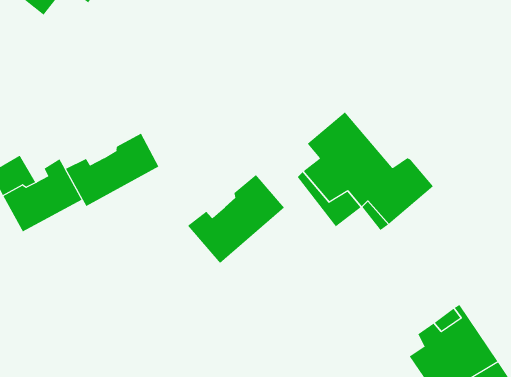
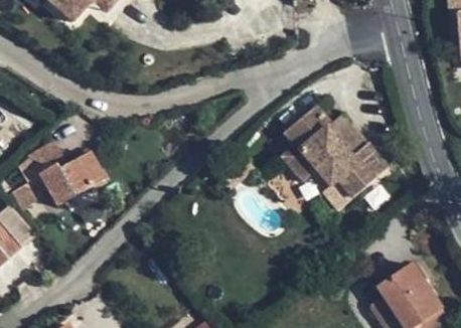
building: [65,133,159,207] -> none
building: [187,174,285,264] -> none

